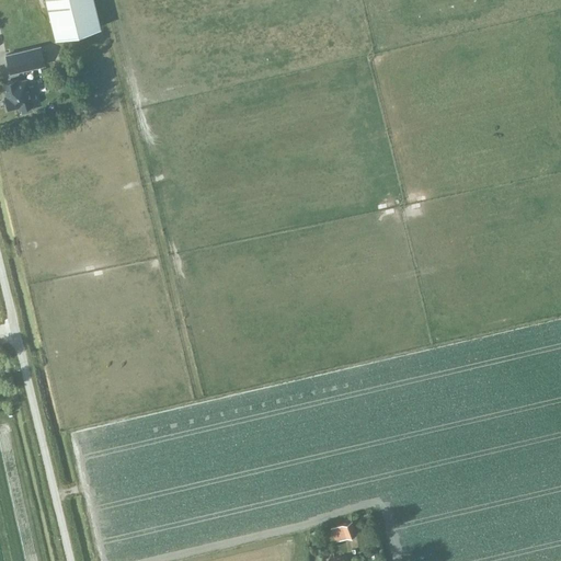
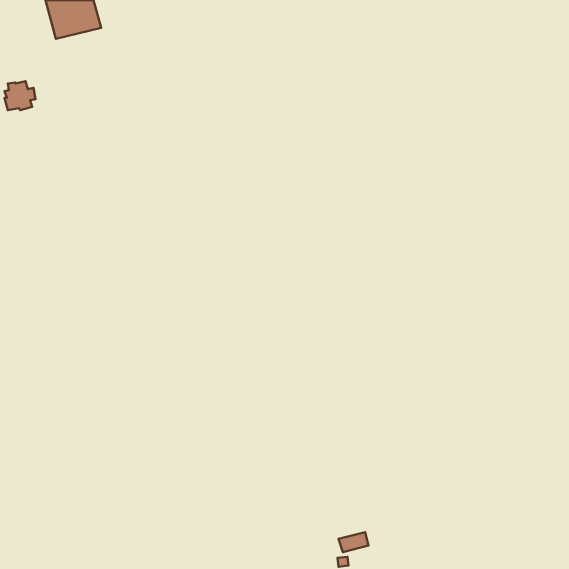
building: [5,47,44,73] -> none

